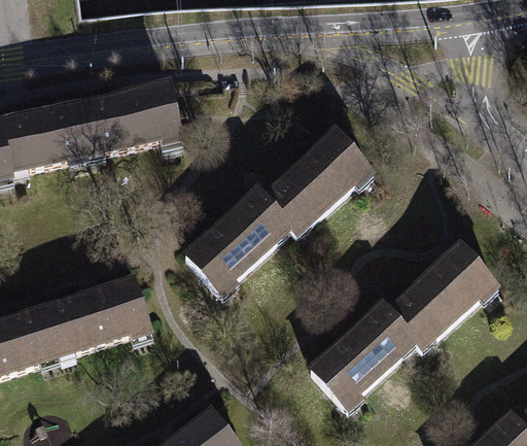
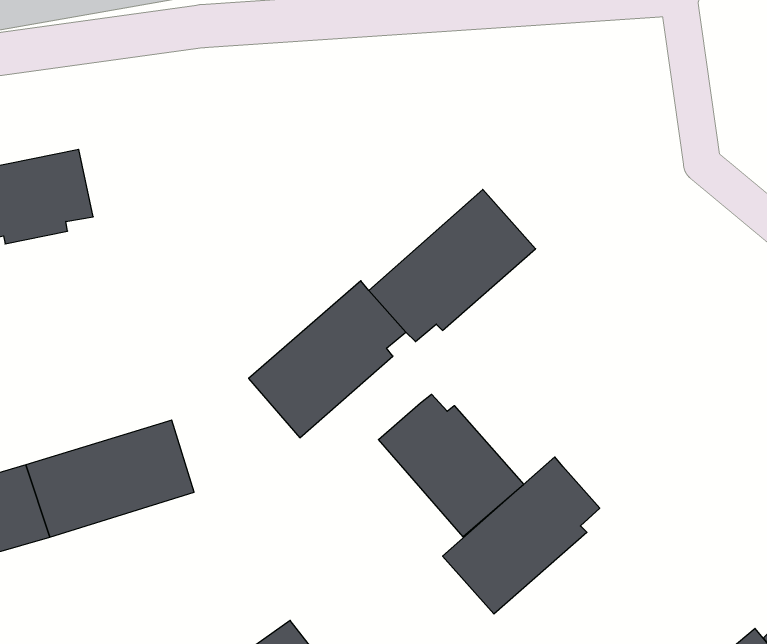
building: [76,85,181,150] -> none
building: [387,245,494,344] -> none
building: none -> [378,394,524,537]

